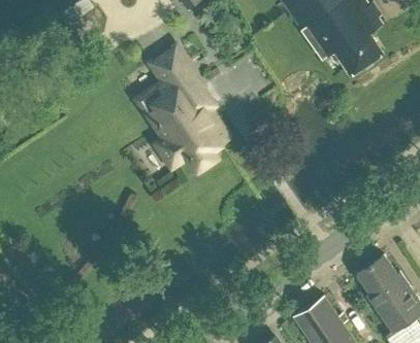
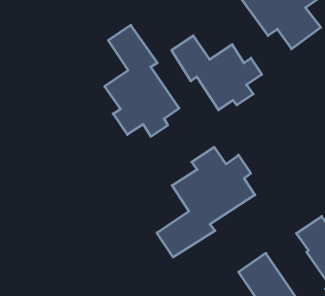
building: none -> [172,36,262,110]
building: none -> [157,147,255,257]

